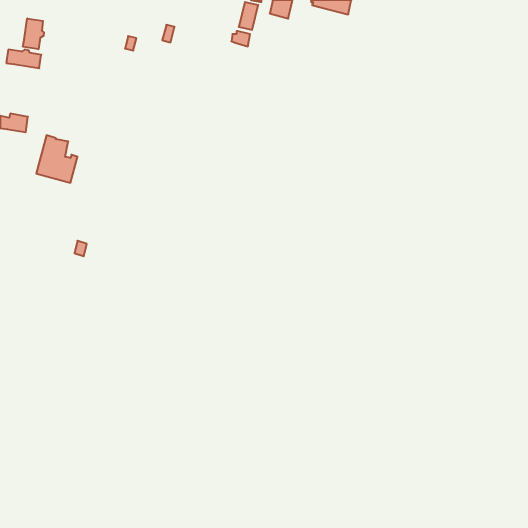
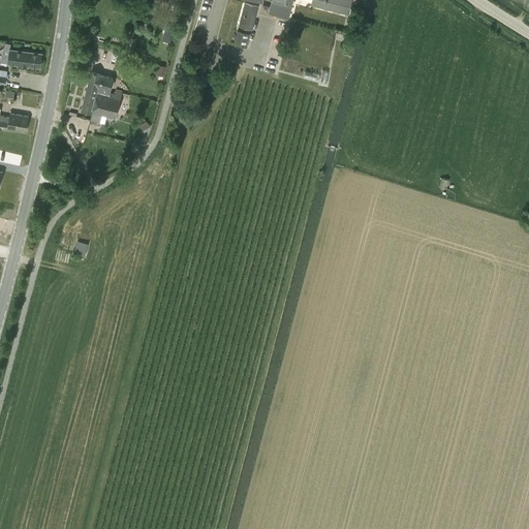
building: [23,18,44,49] -> none
building: [36,135,78,183] -> [81,71,122,119]

